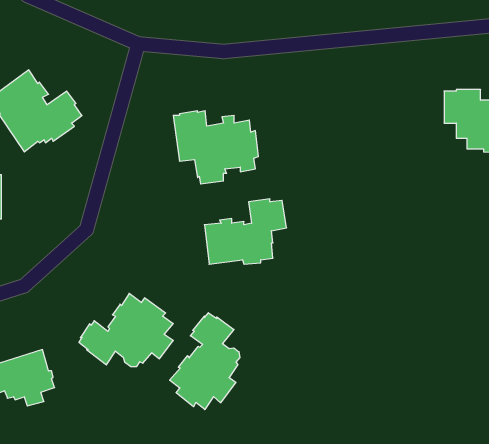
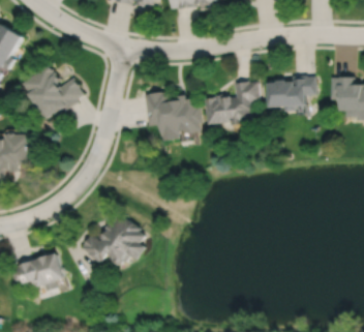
building: none -> [268,77,315,112]
building: [204,199,287,264] -> [205,81,261,125]
building: [170,313,240,410] -> none

